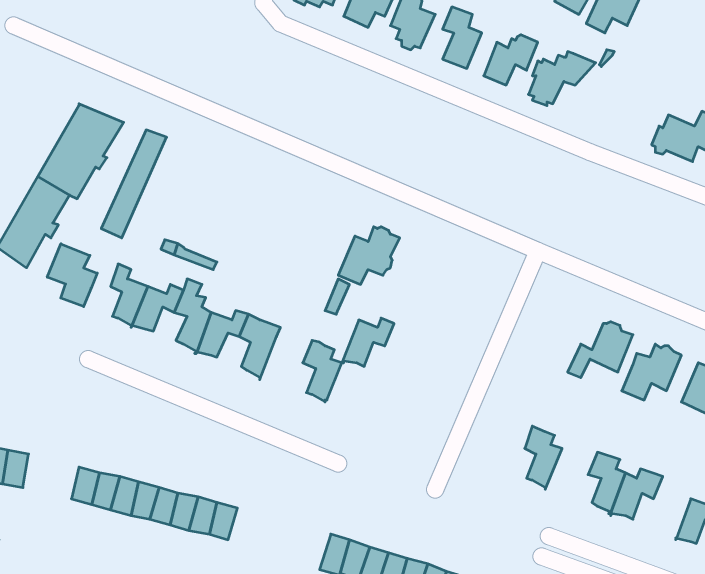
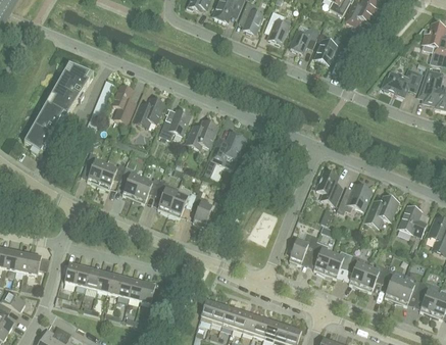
building: none -> [112,85,135,122]
building: none -> [134,98,163,127]
building: none -> [158,108,191,139]
building: none -> [186,119,217,148]
building: [47,244,97,307] -> none
building: none -> [315,170,342,204]
building: [342,318,394,366] -> [167,190,196,216]
building: none -> [289,232,318,263]
building: none -> [324,249,352,277]
building: none -> [383,267,403,302]

